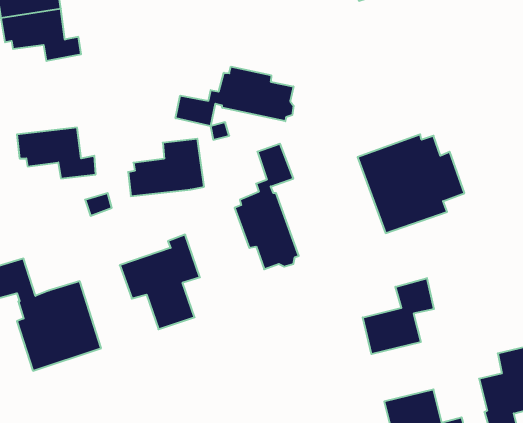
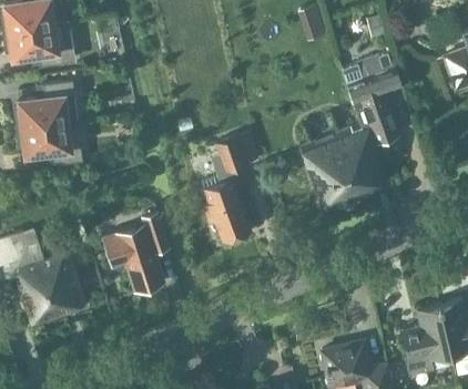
building: none -> [342,53,403,147]
building: [176,67,294,126] -> none
building: [128,139,204,196] -> [16,82,79,130]
building: [363,278,434,354] -> none

